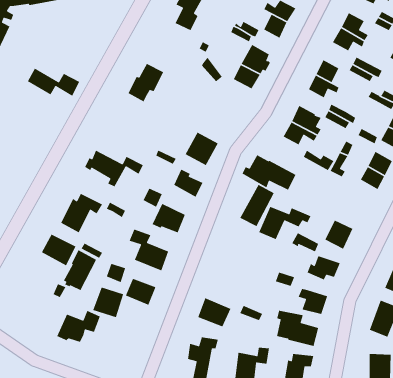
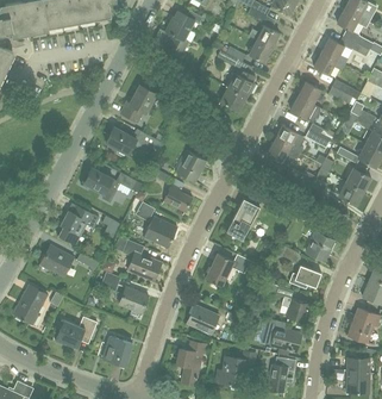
building: [27,68,80,97] -> [107,126,157,154]
building: [241,154,296,191] -> none
building: [258,206,312,240] -> [206,254,256,286]
building: [63,249,97,291] -> [14,285,46,324]
building: [92,286,124,318] -> [102,336,132,366]

